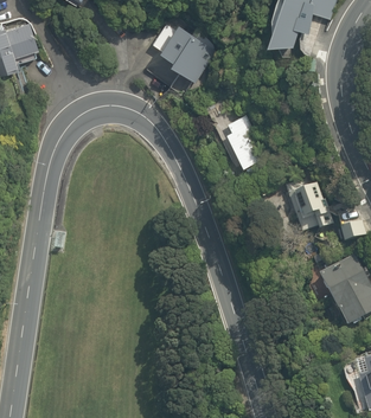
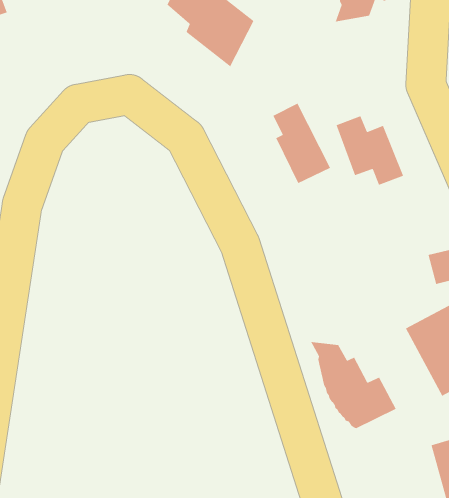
building: [286,180,337,232] -> [335,115,404,186]
building: none -> [310,341,397,429]

